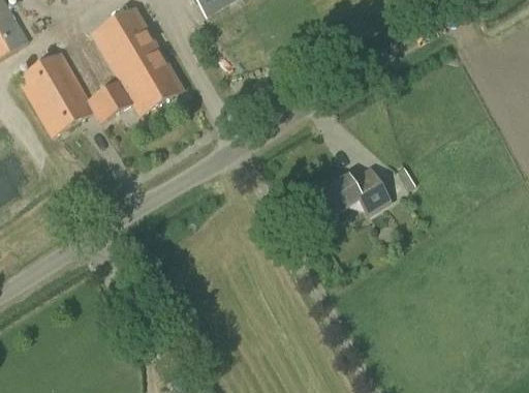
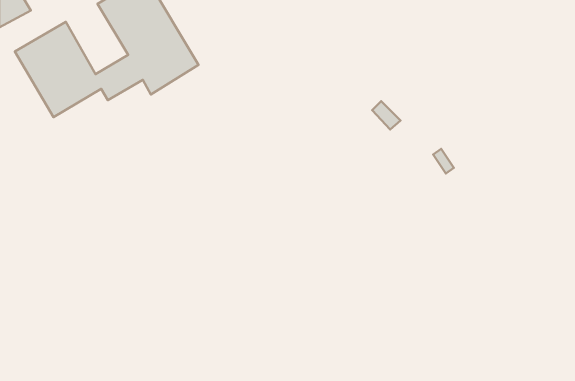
building: [304,167,390,221] -> none

